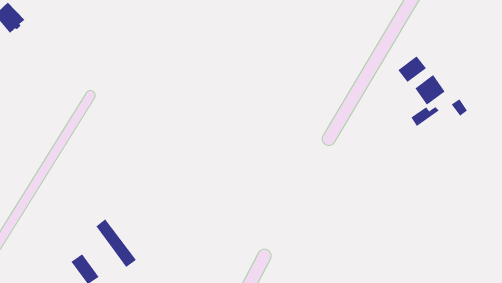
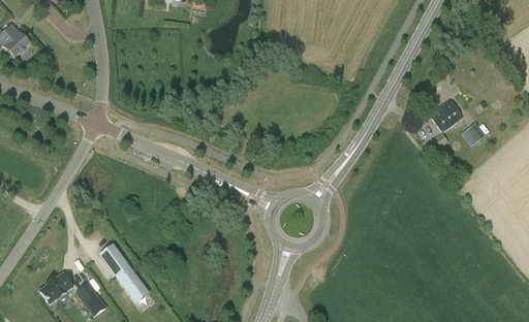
building: [397,56,427,83] -> none
building: none -> [39,272,72,302]

